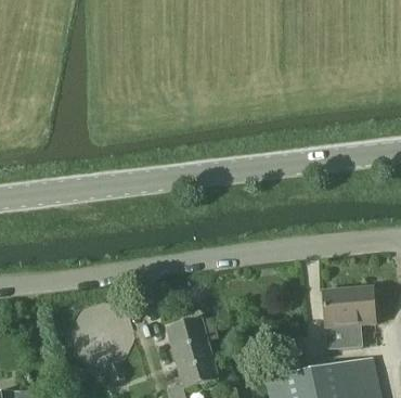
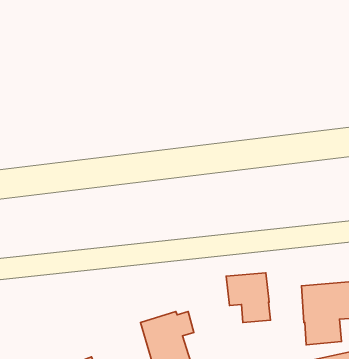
building: none -> [226,273,271,322]

